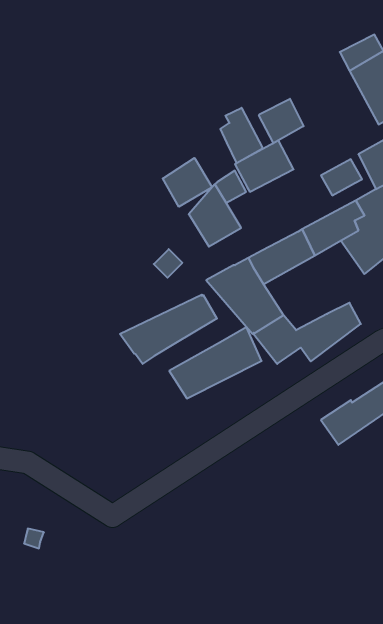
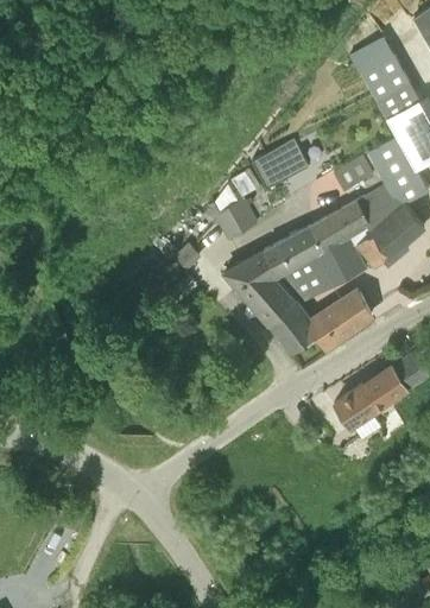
building: [259,99,304,143] -> none
building: [220,108,263,163] -> none
building: [163,158,212,207] -> none
building: [120,295,217,364] -> none
building: [169,327,262,398] -> [279,234,367,302]

